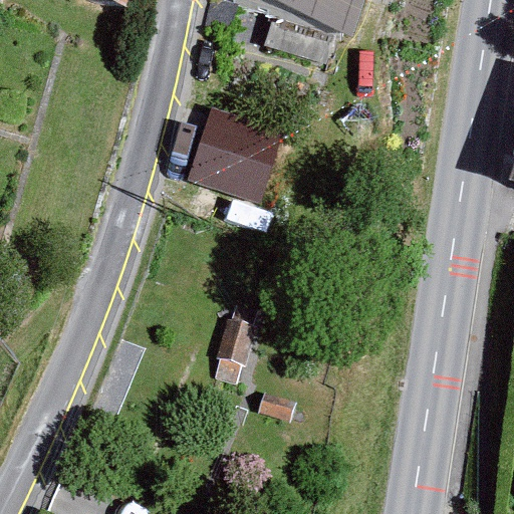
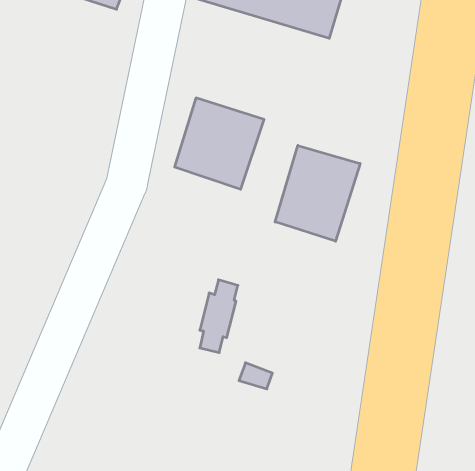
building: none -> [275,145,360,241]

